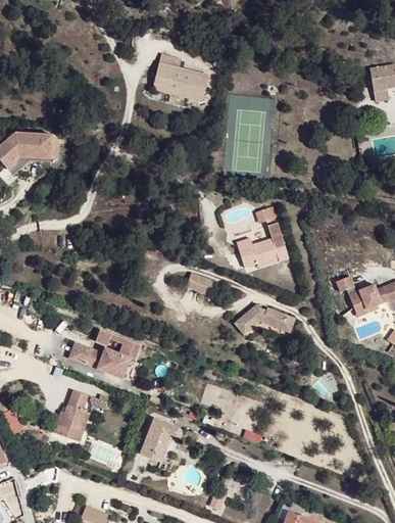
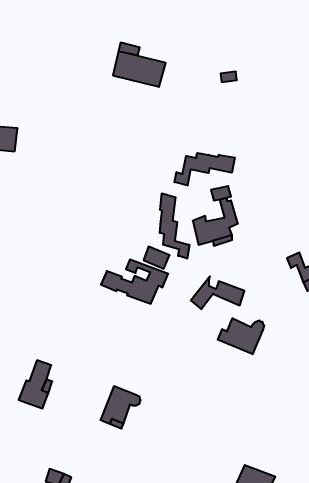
building: none -> [174,153,235,186]
building: none -> [160,193,189,259]
building: [68,331,140,378] -> [101,260,168,304]
building: none -> [218,318,264,354]

